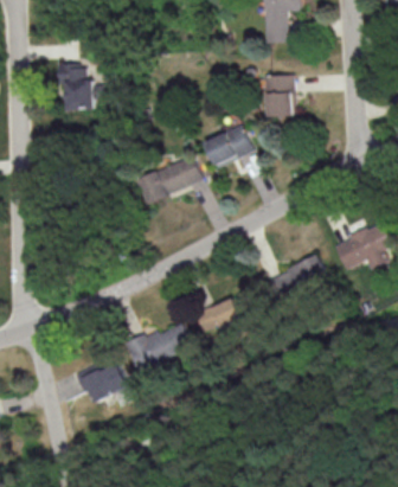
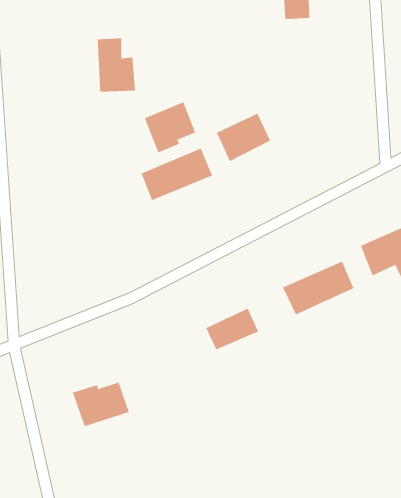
building: [59,63,94,111] -> [97,38,136,93]
building: [264,75,294,117] -> none
building: none -> [144,101,196,154]
building: [127,322,193,371] -> none

